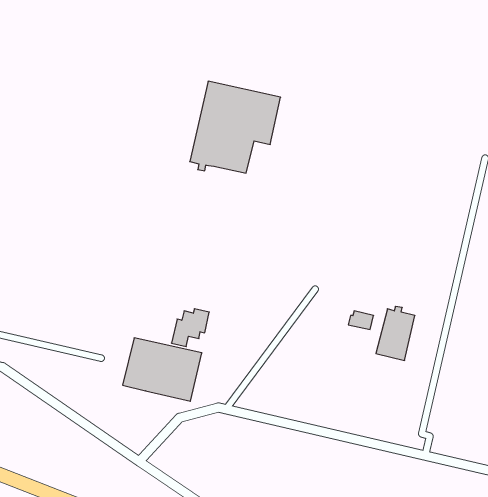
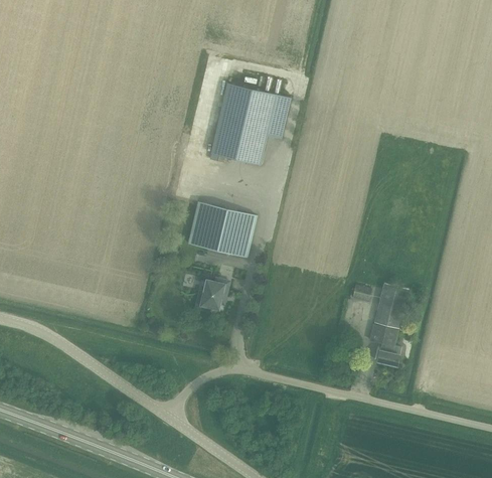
building: [123,338,202,401] -> [187,202,257,258]
building: none -> [369,324,400,366]

